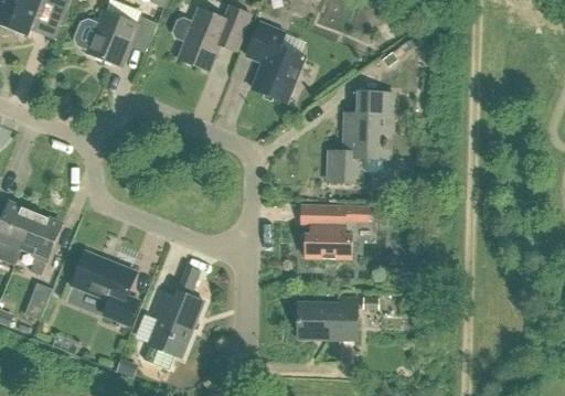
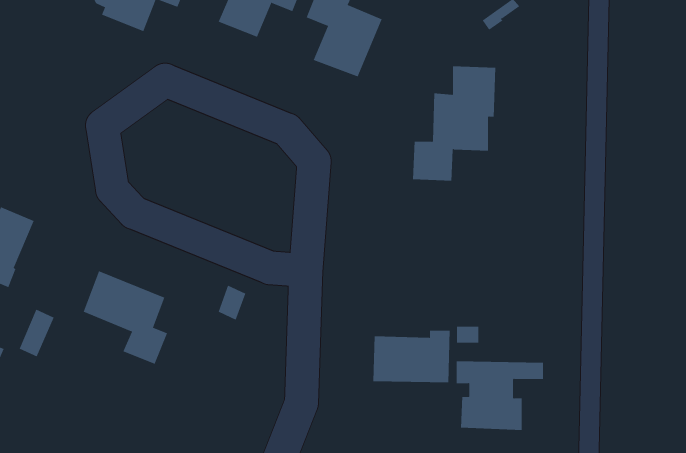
building: [301,205,370,259] -> [456,361,544,431]
building: [20,212,62,274] -> none
building: [145,289,205,367] -> none

